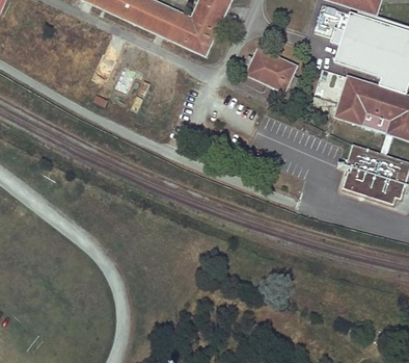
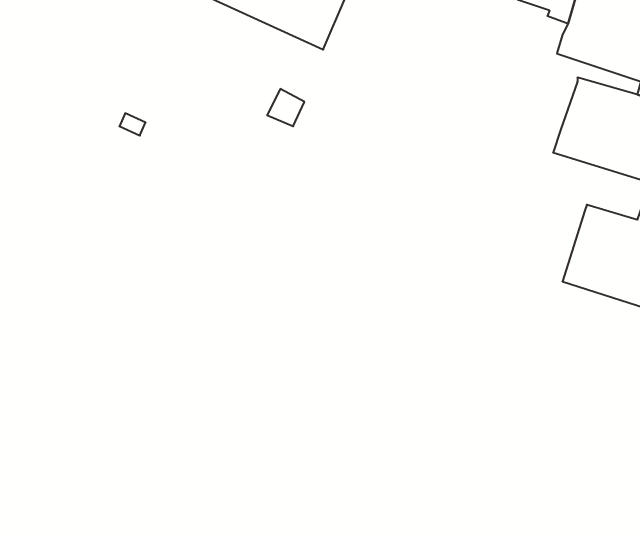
building: [242,47,298,96] -> none

